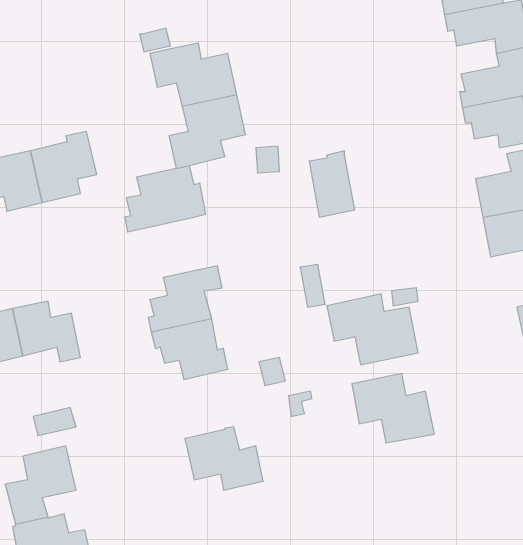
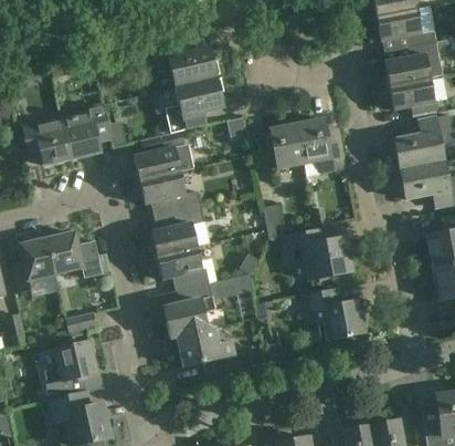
building: none -> [297,116,347,174]
building: none -> [135,169,202,214]
building: none -> [165,282,216,338]

